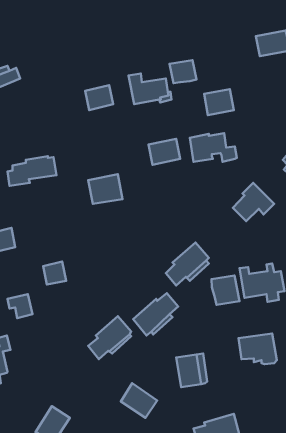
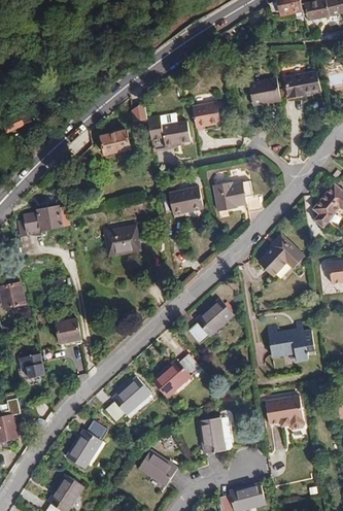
building: [204,89,234,115] -> [248,77,280,105]
building: [211,276,239,305] -> none
building: none -> [65,420,107,469]

